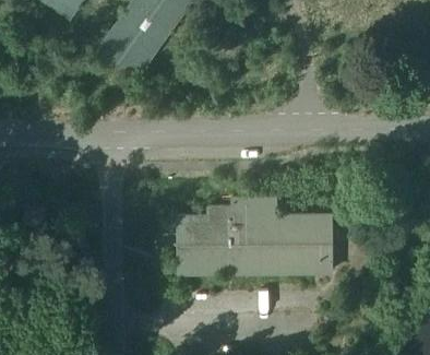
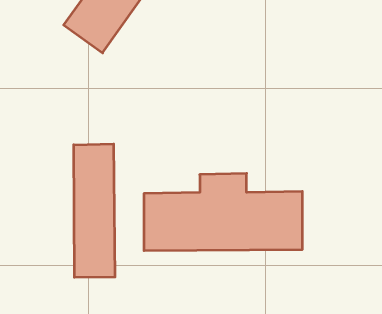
building: none -> [74,144,115,277]

